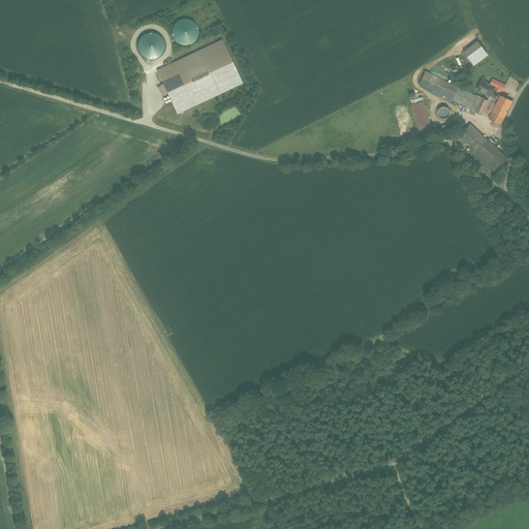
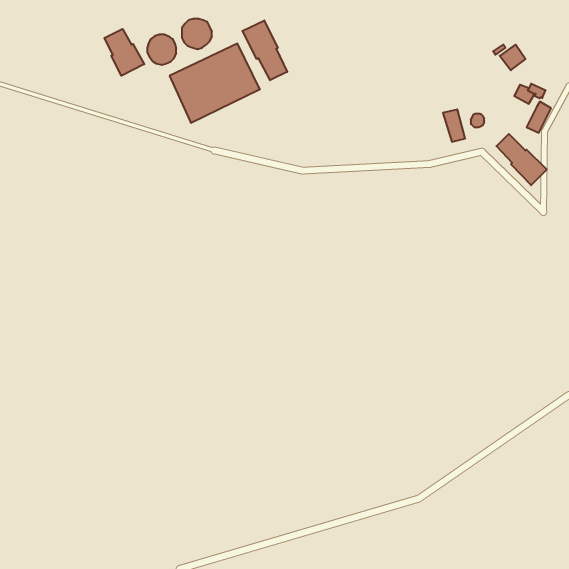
building: none -> [242,20,287,80]
building: none -> [104,29,144,76]
building: [419,71,488,114] -> none

